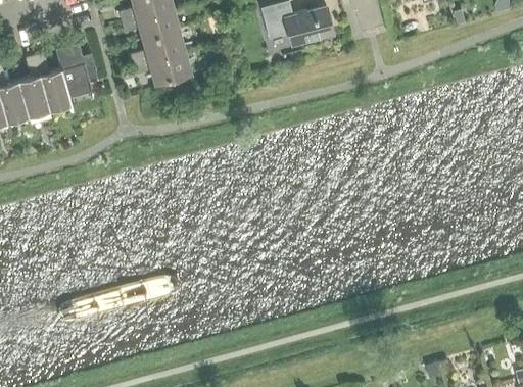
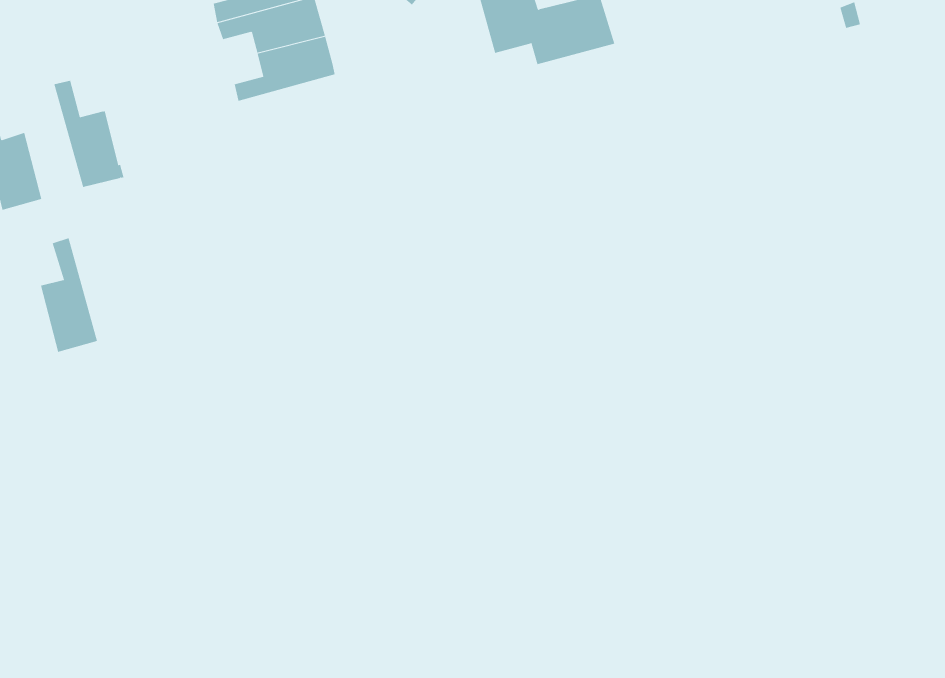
building: [56,44,98,98] -> none
building: [133,50,192,83] -> none
building: [19,55,50,116] -> [40,237,98,353]

